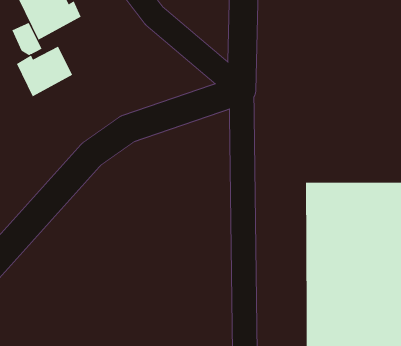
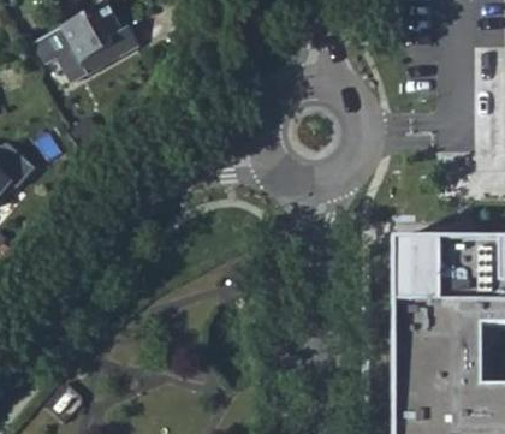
building: [16,46,73,97] -> none

